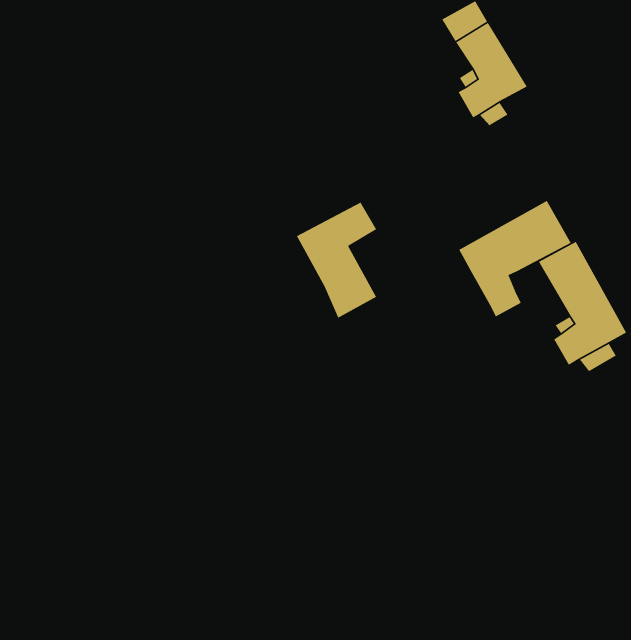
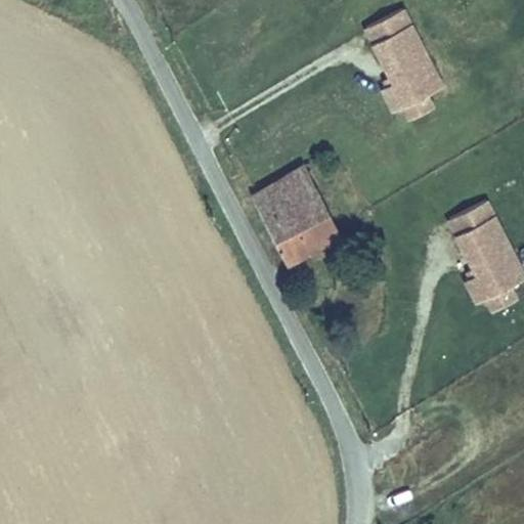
building: [458,200,572,317] -> none
building: none -> [297,193,343,248]

